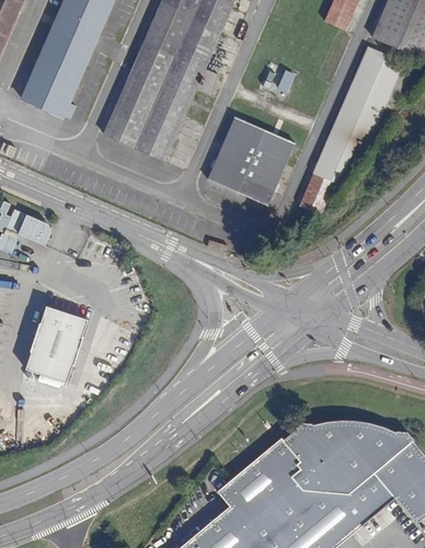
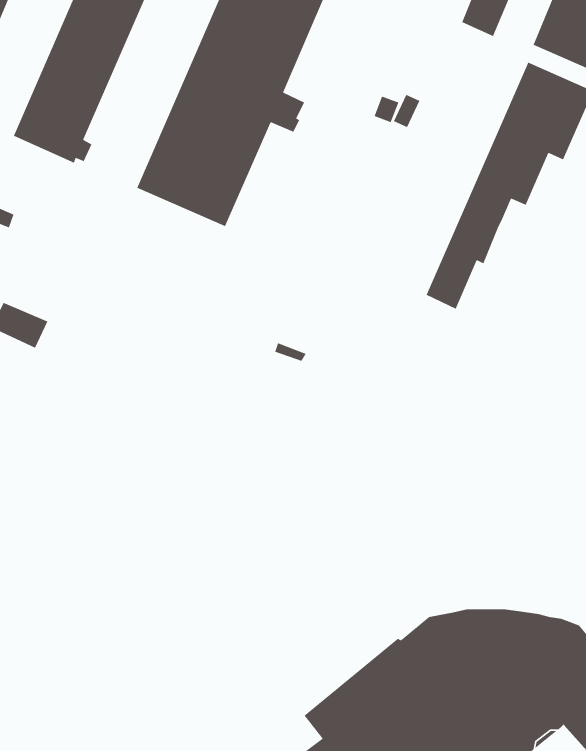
building: [206,118,292,206] -> none
building: [27,308,89,383] -> none

